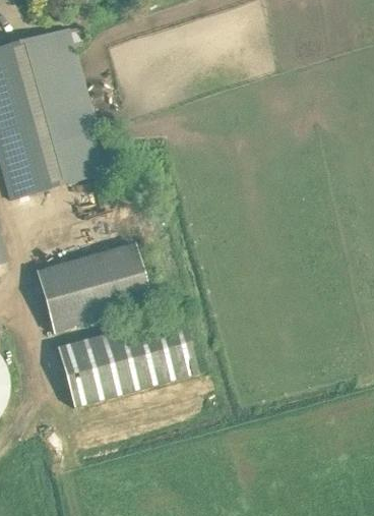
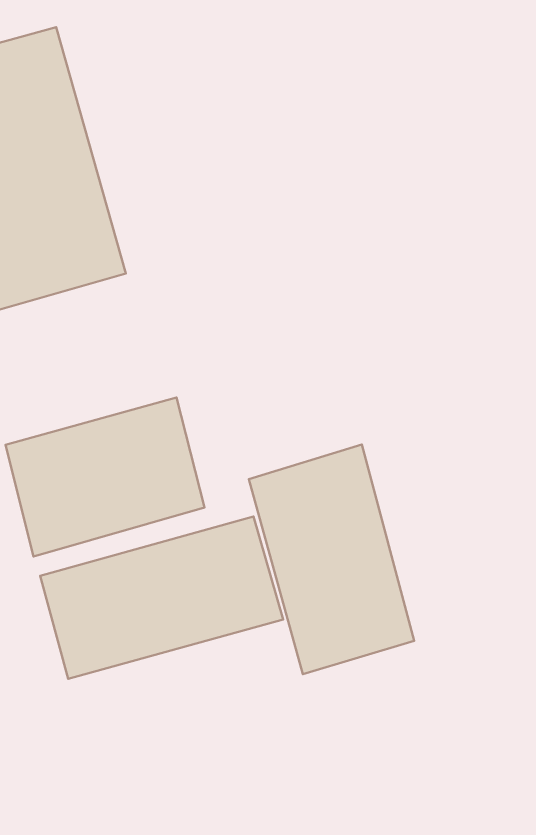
building: none -> [249,445,414,674]

